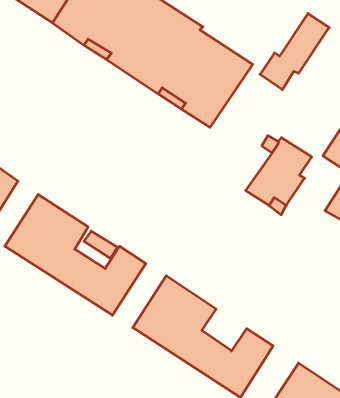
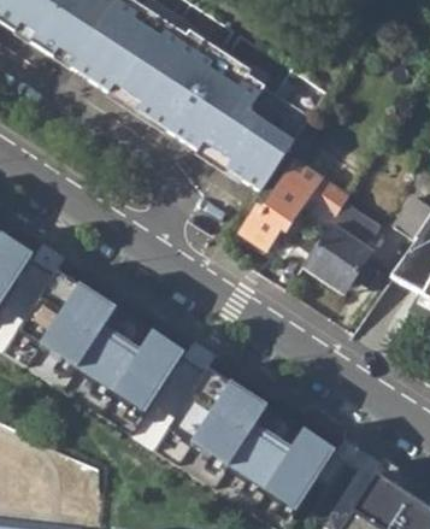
building: [260,13,329,90] -> [240,157,322,247]

